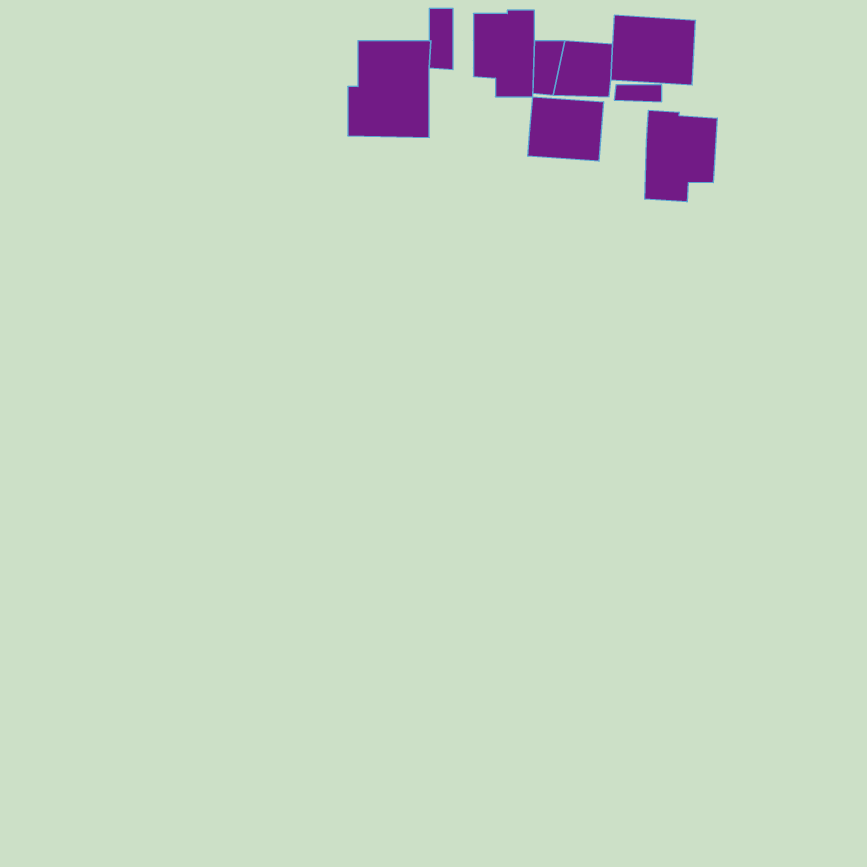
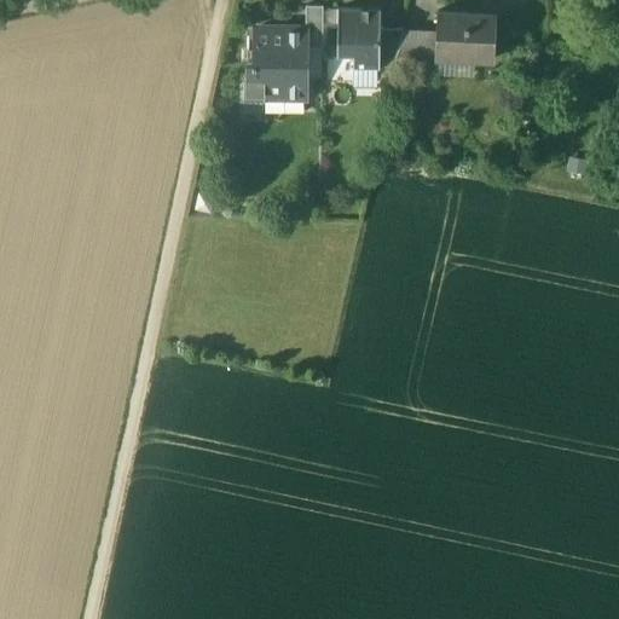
building: [528,97,604,161] -> none
building: [645,110,717,202] -> none

